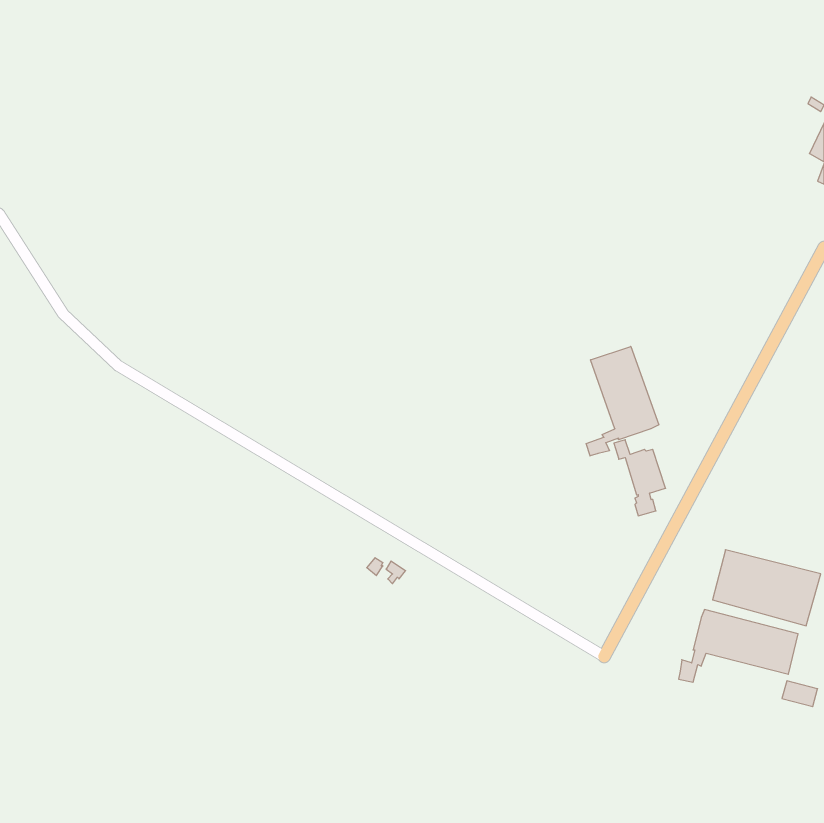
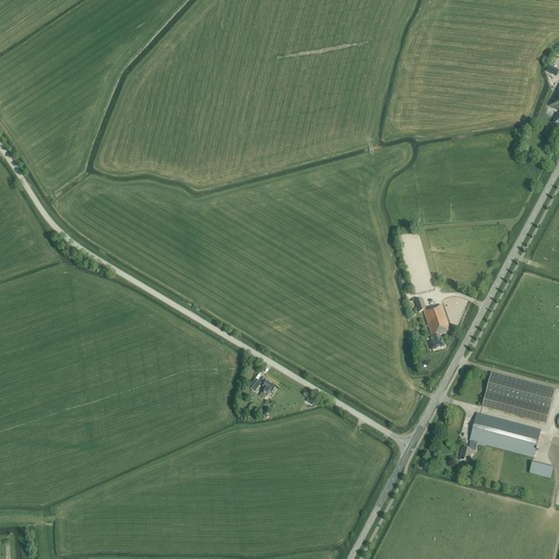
building: [586,346,659,456] -> none

